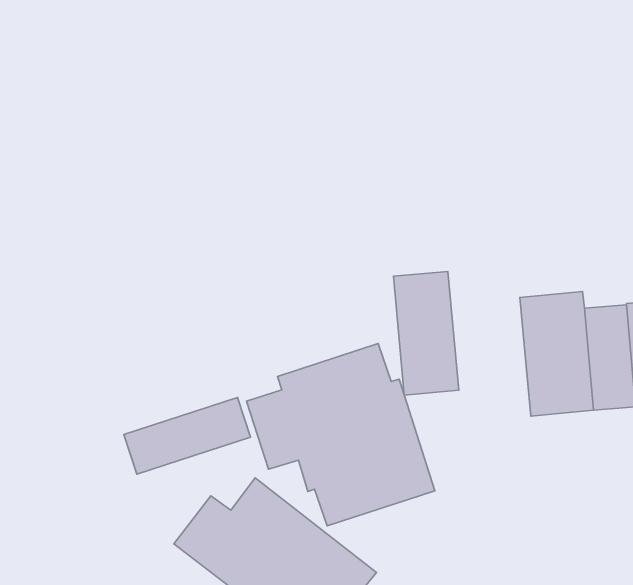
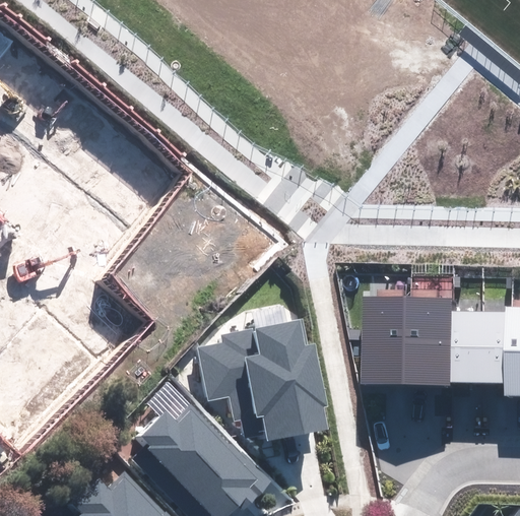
building: [393,271,459,395] -> [363,296,404,383]
building: [124,397,251,474] -> none

